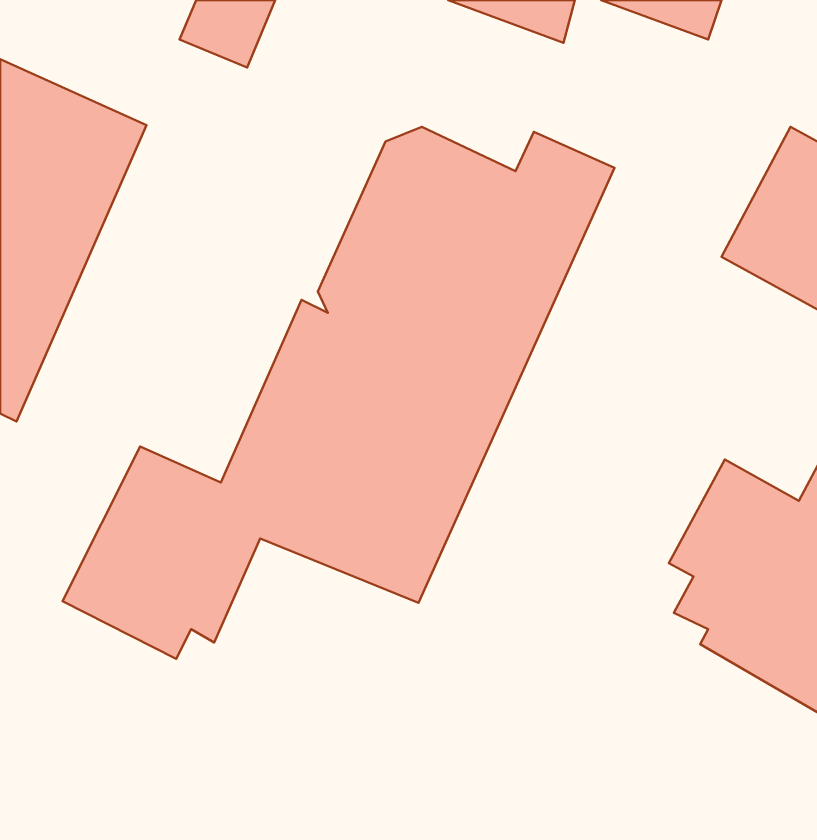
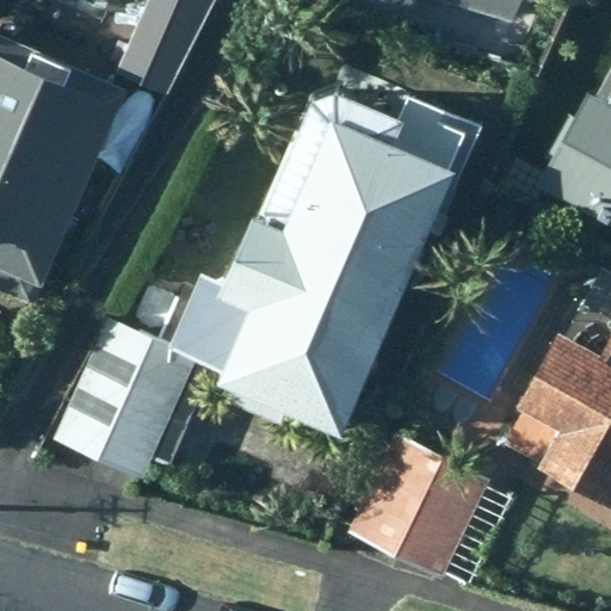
building: none -> [354,427,496,576]

